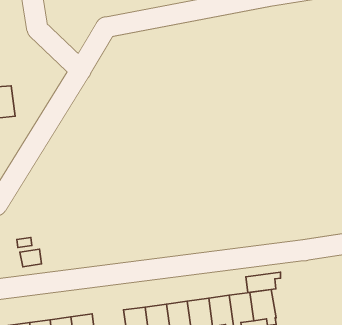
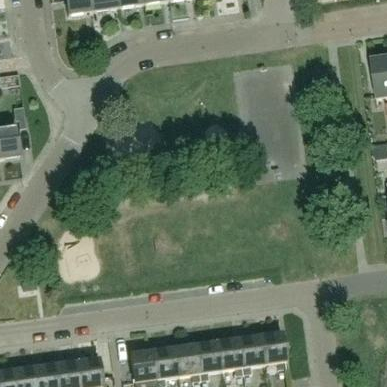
building: [246,272,281,293] -> none

